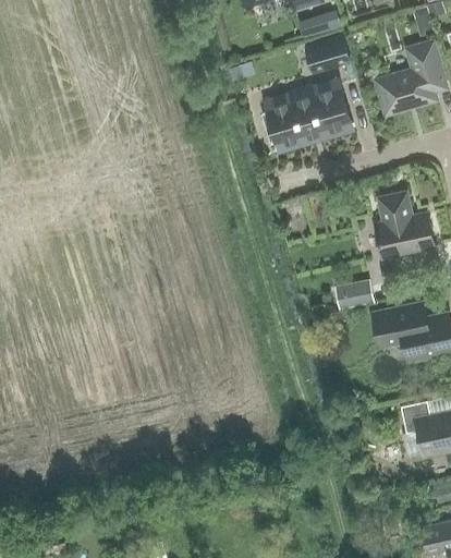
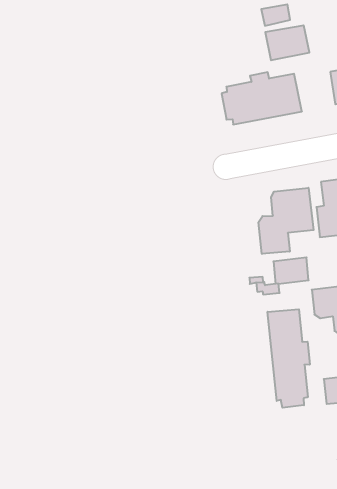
building: none -> [259,188,314,254]
building: none -> [268,309,310,408]

